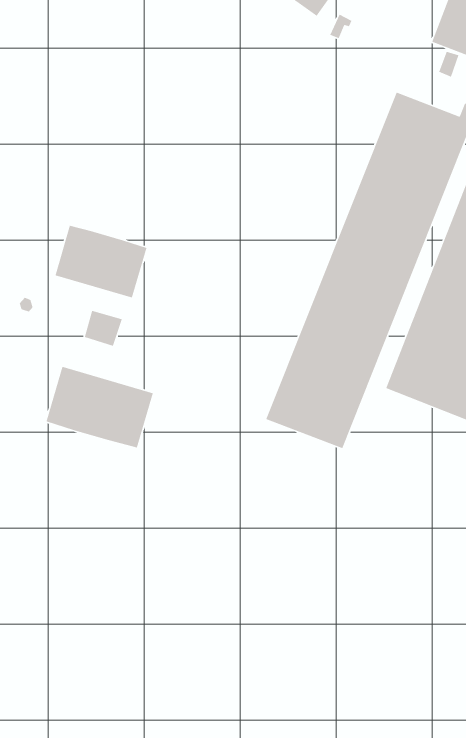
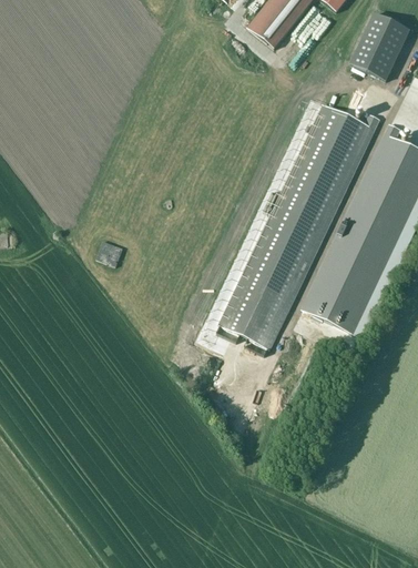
building: [54,225,147,298] -> none
building: [46,366,154,449] -> none

